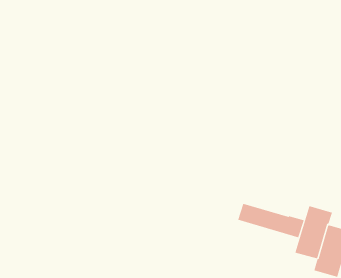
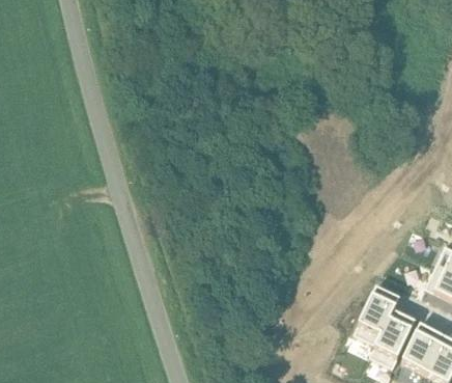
building: [238,203,304,238] -> none

